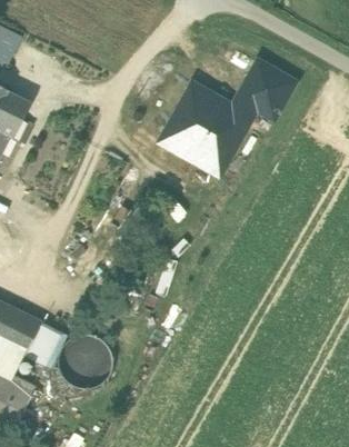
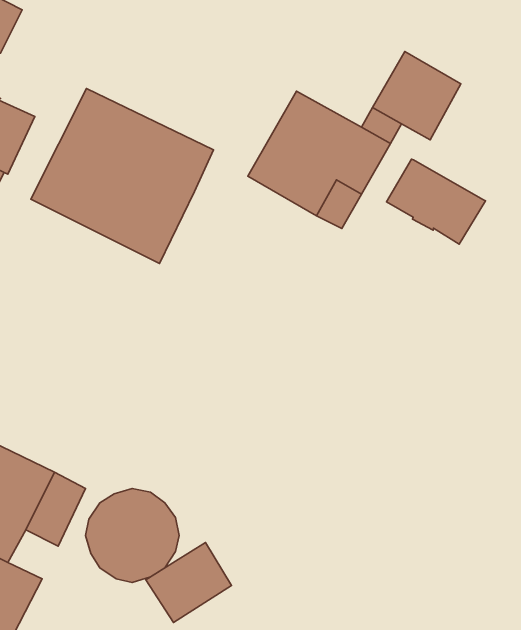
building: none -> [31,88,214,264]
building: none -> [386,159,485,244]
building: none -> [146,543,231,623]

